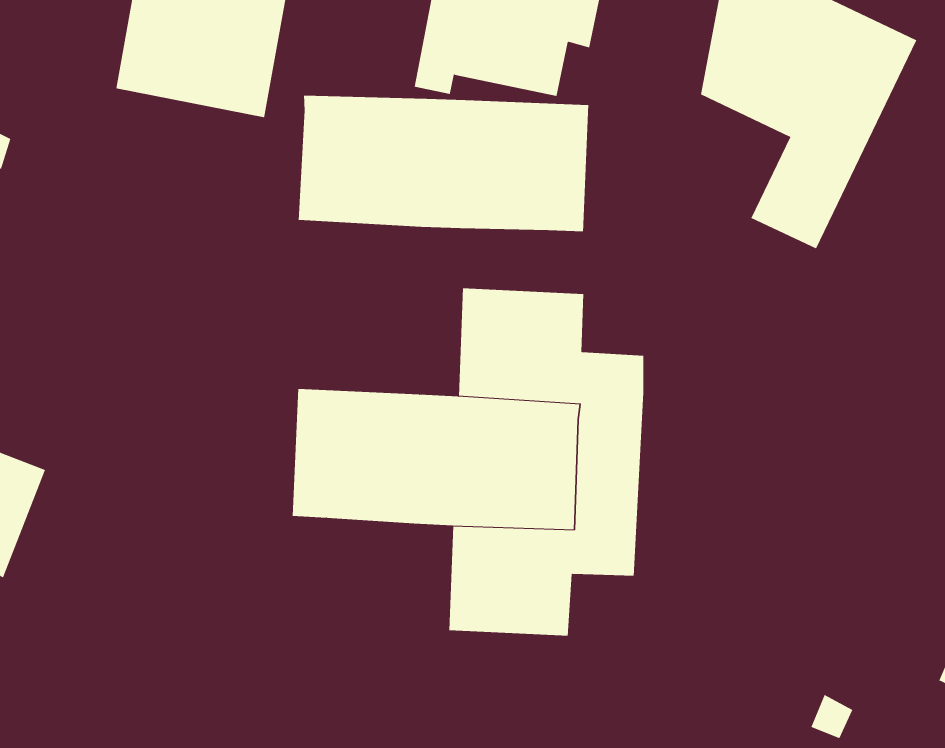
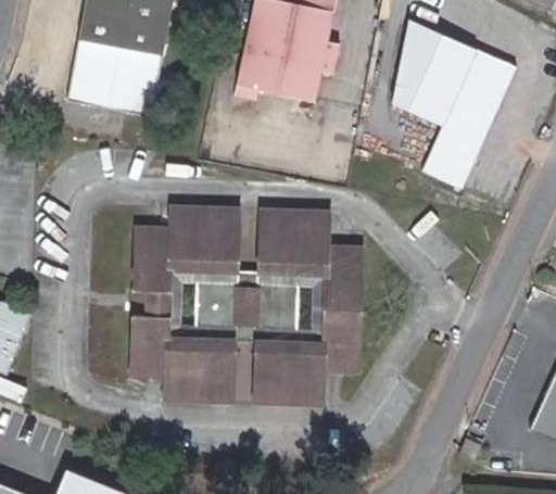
building: [298,95,589,232] -> none
building: none -> [129,205,239,401]

